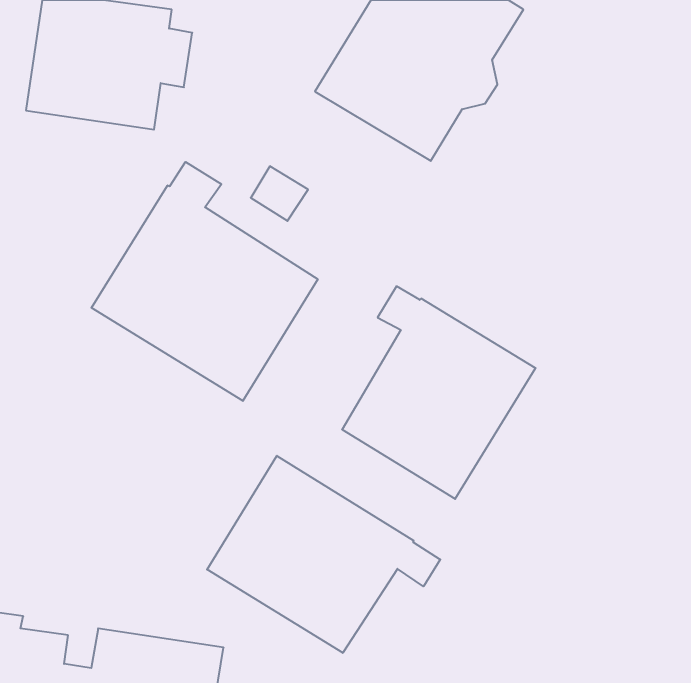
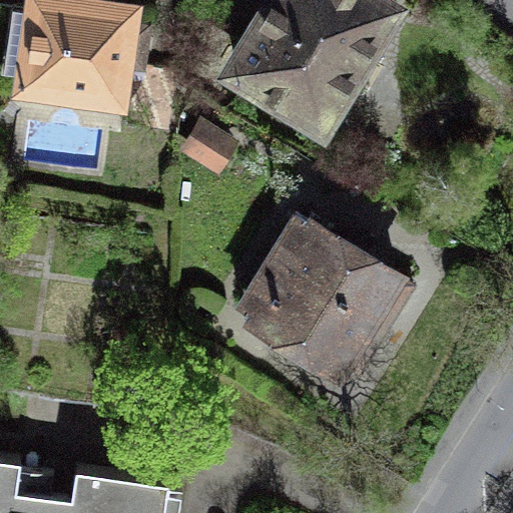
building: [91,162,318,401] -> none
building: [207,456,440,653] -> none

